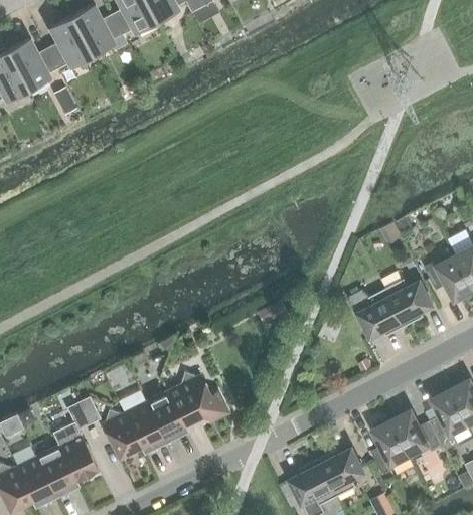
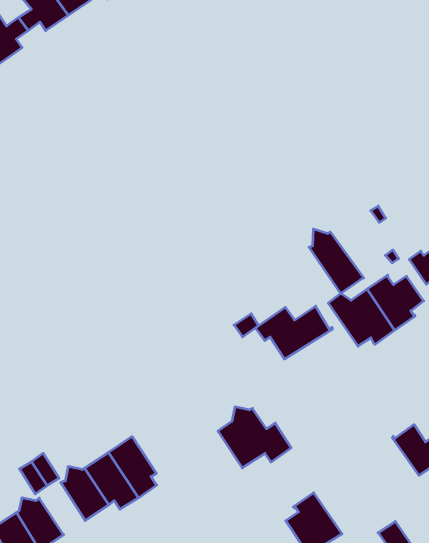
building: none -> [309,229,364,294]
building: none -> [256,306,332,359]
building: [167,372,228,425] -> [218,407,291,468]
building: [371,419,411,475] -> none
building: [318,449,364,497] -> none

